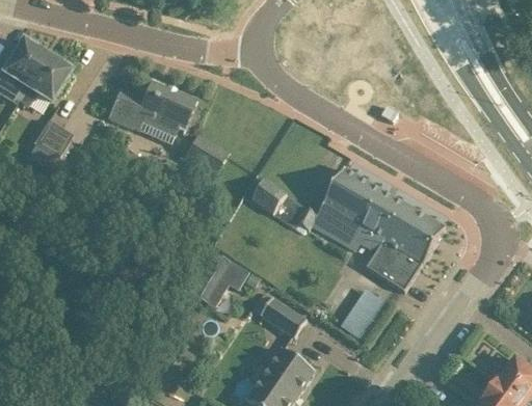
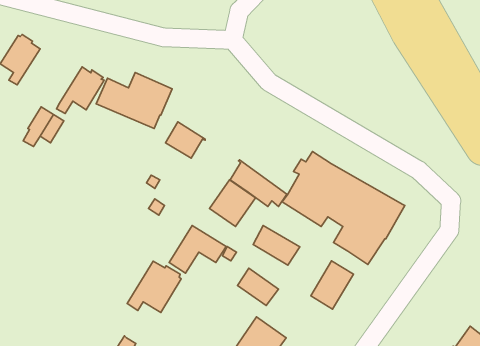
building: [17,56,69,107] -> [57,67,104,114]
building: none -> [209,180,256,227]
building: none -> [253,225,300,265]
building: none -> [127,261,181,312]

